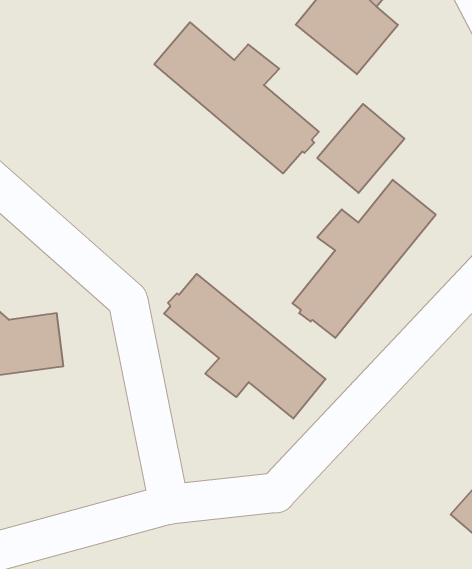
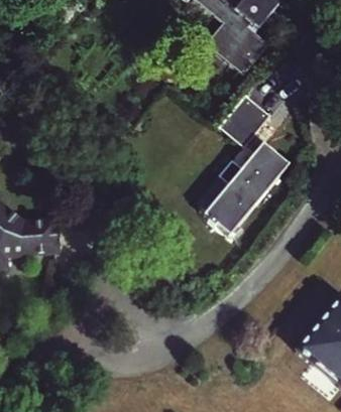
building: [154,22,319,173] -> none
building: [164,274,326,419] -> none

